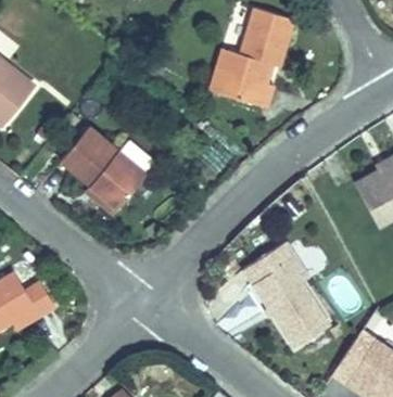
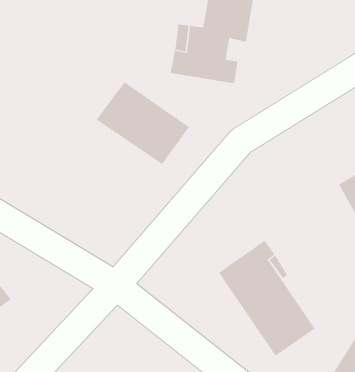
building: [66,129,153,208] -> [96,82,190,165]

